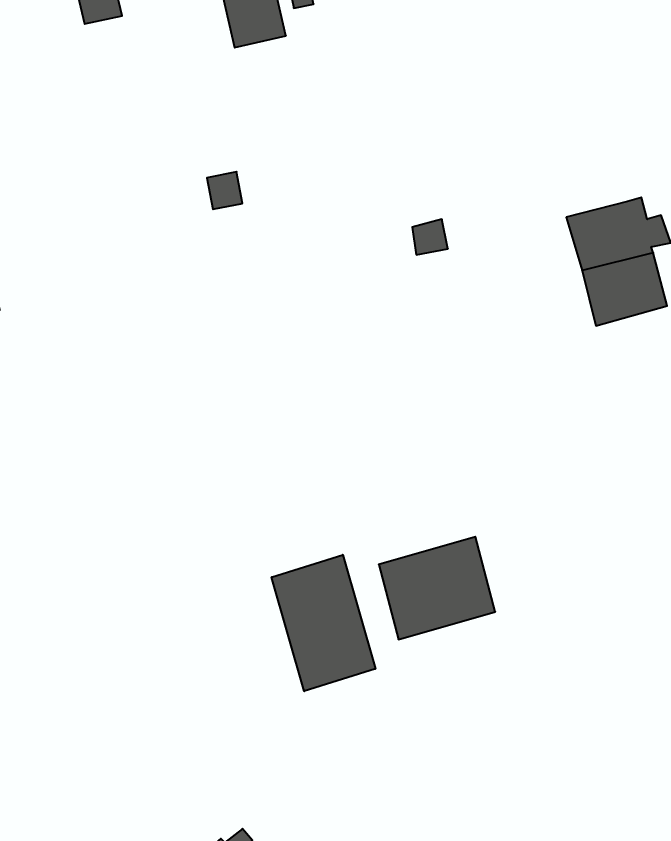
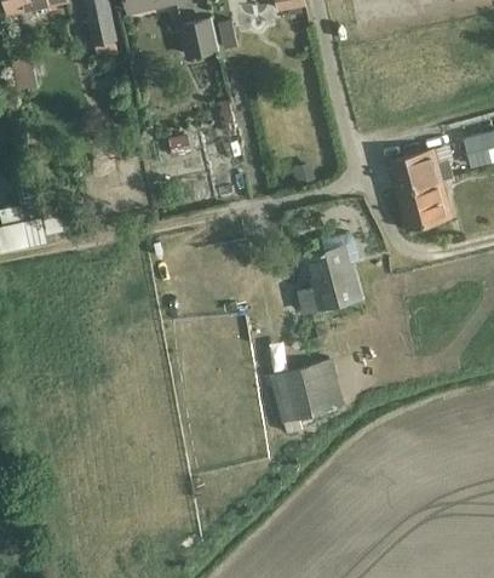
building: none -> [298,234,360,314]
building: [272,555,375,691] -> none

